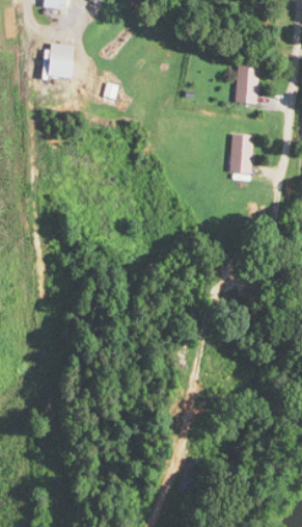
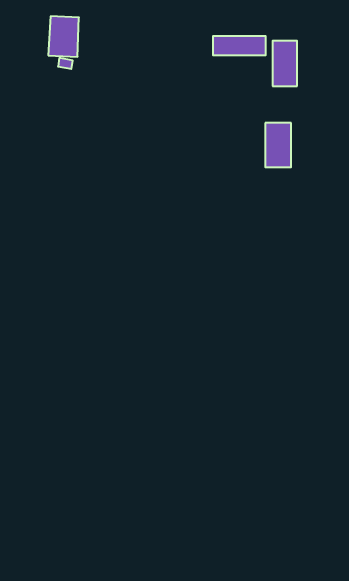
building: none -> [213,36,266,55]

